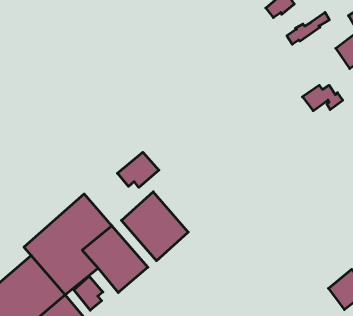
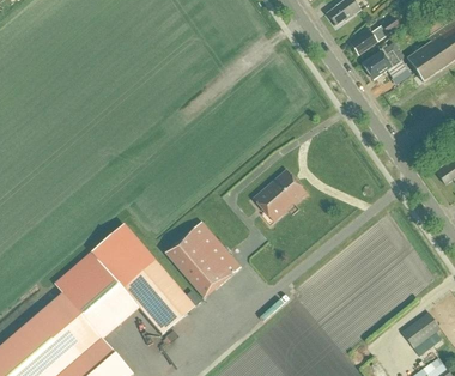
building: [302,85,343,111] -> [362,50,407,79]
building: none -> [254,169,307,218]
building: [117,152,159,187] -> none
building: [74,276,103,310] -> none

